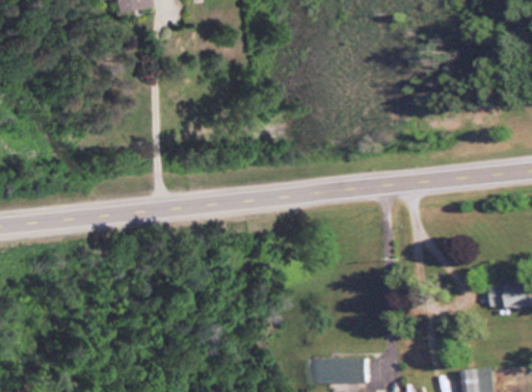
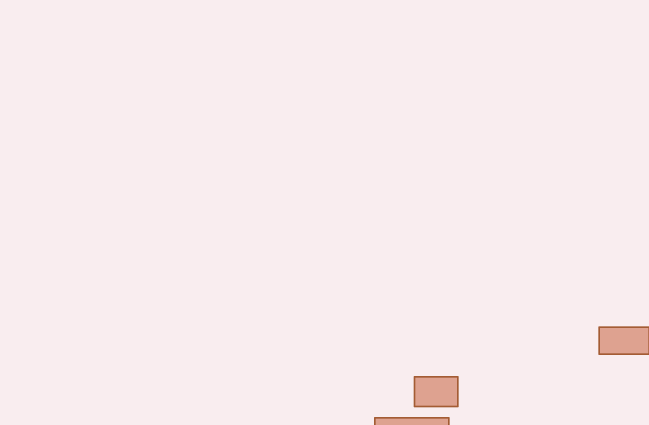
building: none -> [415,377,458,406]

